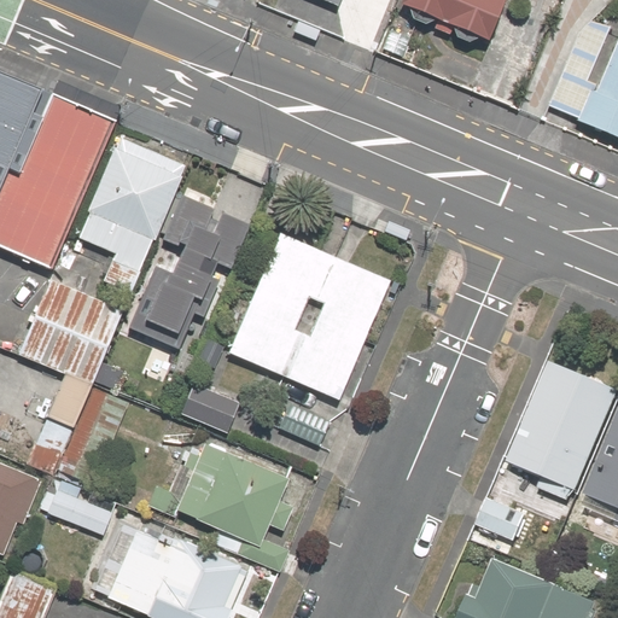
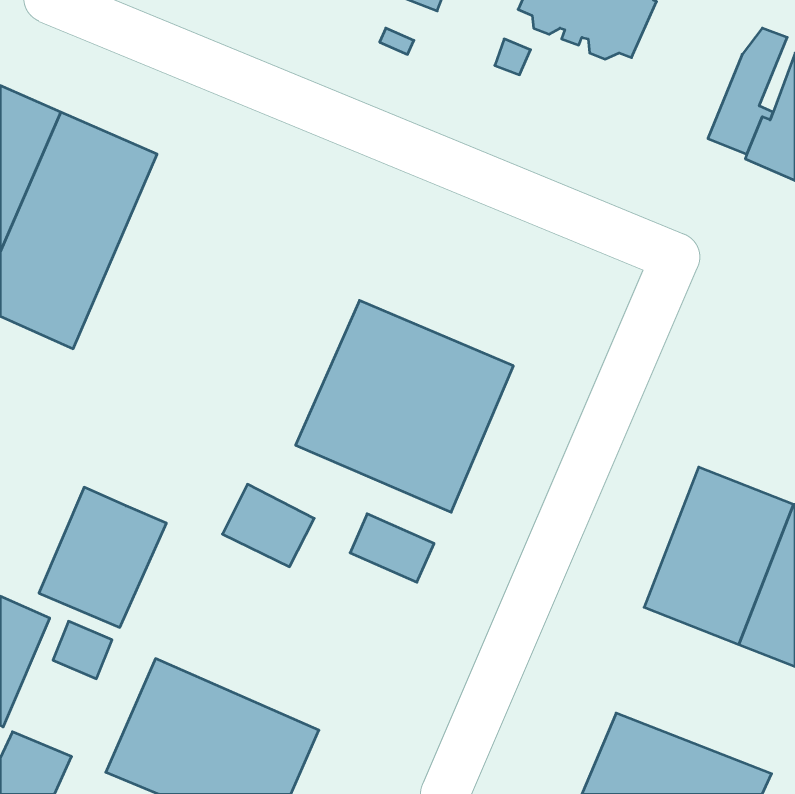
building: [76,138,191,270] -> none
building: [133,198,244,352] -> none
building: [22,281,124,386] -> none
building: [152,432,303,553] -> none

